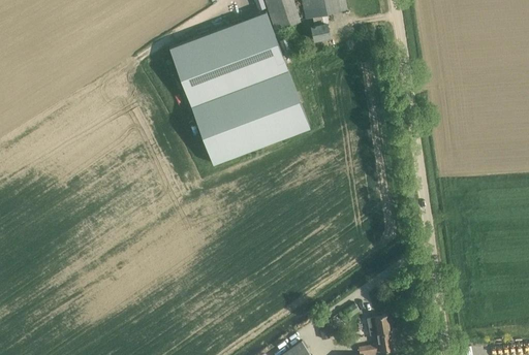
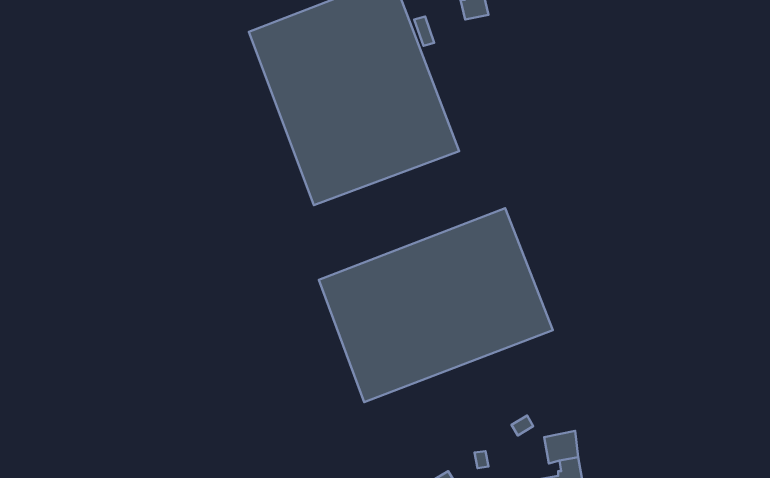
building: none -> [319,208,553,402]

